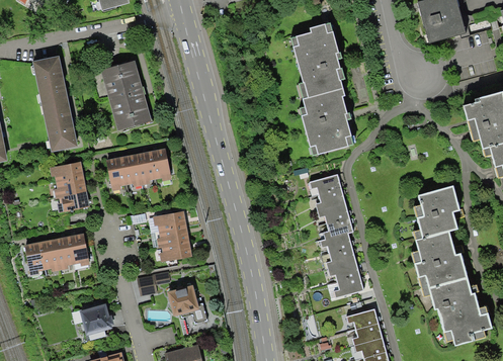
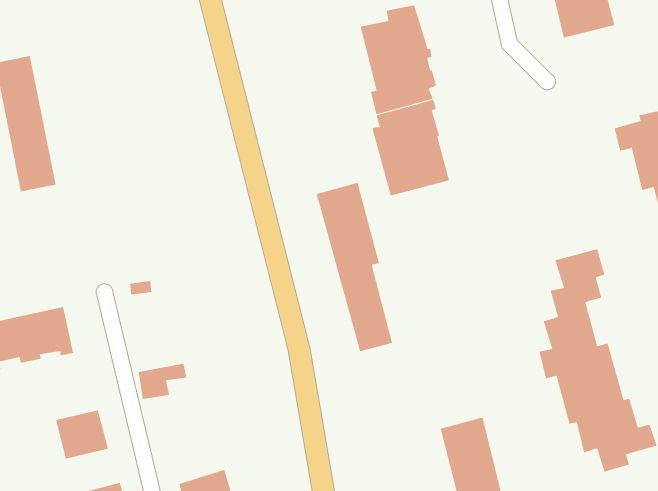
building: [101,62,151,129] -> none
building: [107,150,170,190] -> none
building: [48,160,90,213] -> none
building: [309,175,362,293] -> [316,182,393,352]
building: [154,211,192,261] -> none
building: [167,285,207,325] -> none

